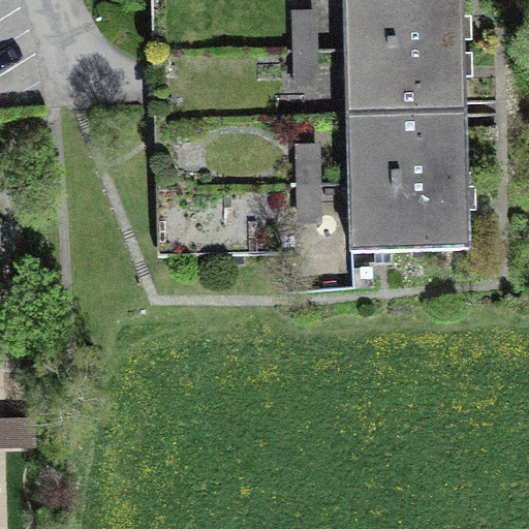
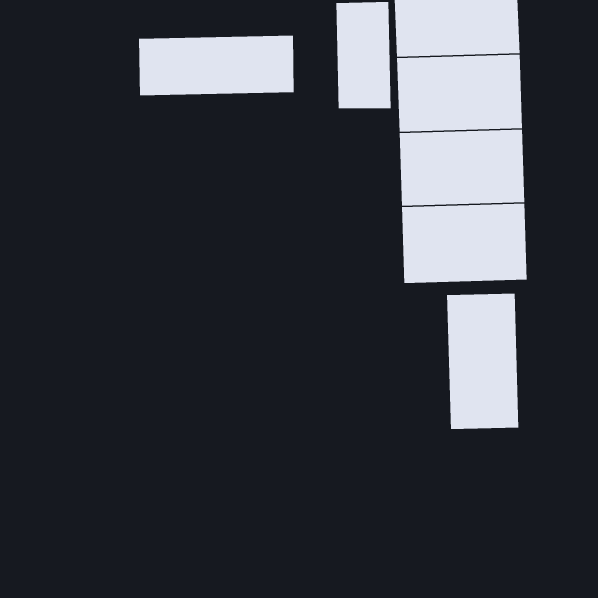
building: none -> [138,35,295,96]
building: none -> [446,293,519,430]

